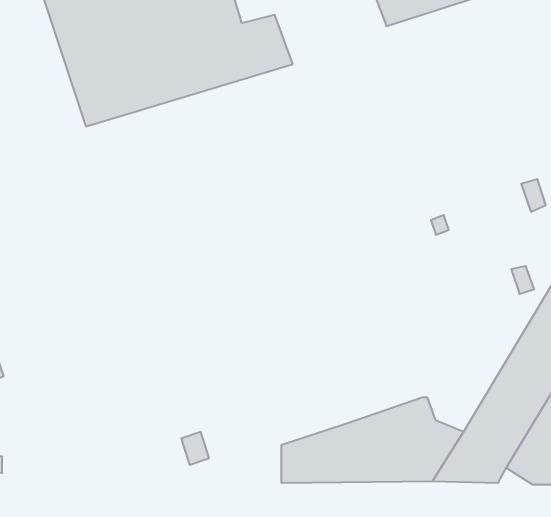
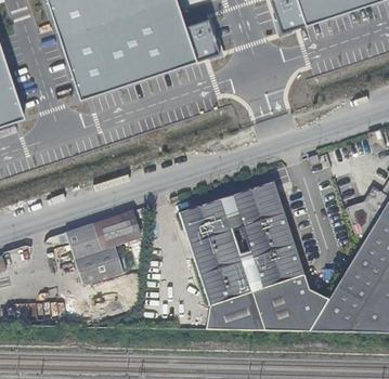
building: none -> [179,183,303,305]
building: none -> [67,210,141,284]

